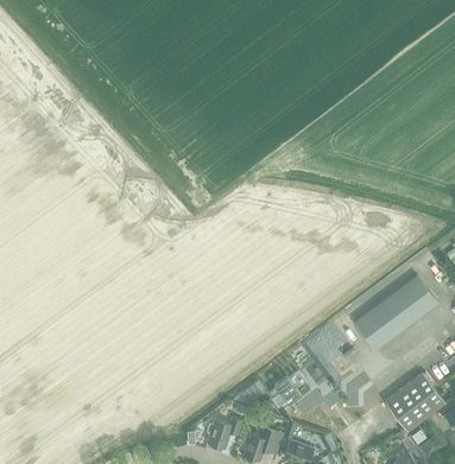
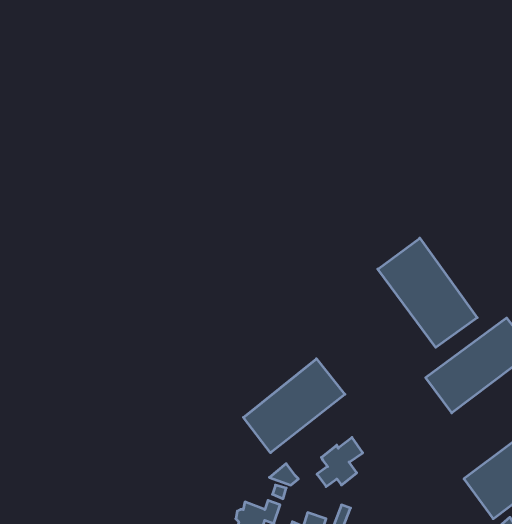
building: none -> [378,238,477,347]
building: none -> [243,359,345,453]

